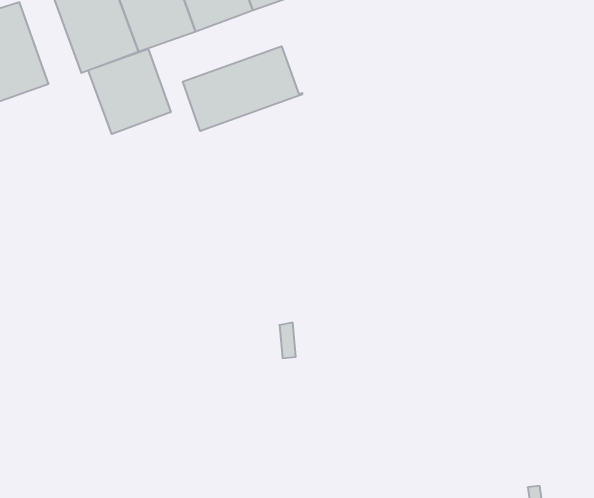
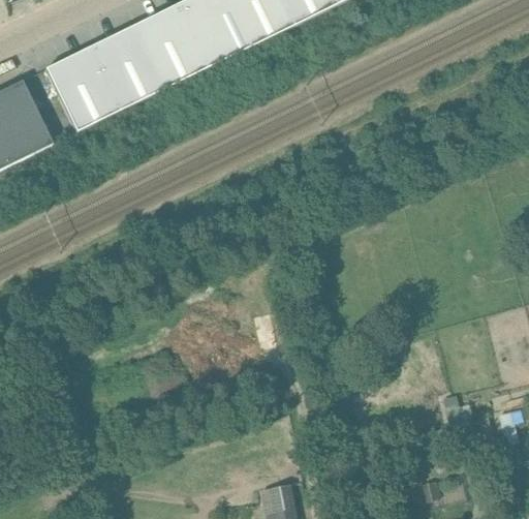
building: [183,46,302,131] -> none
building: [88,49,171,134] -> none

